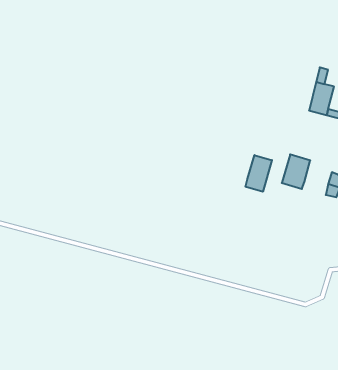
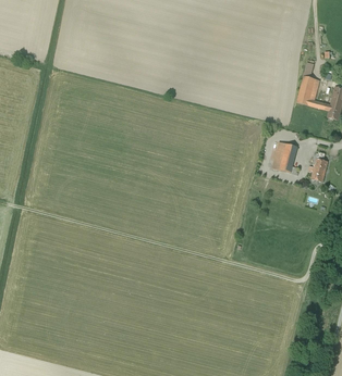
building: [245,155,272,192] -> none

